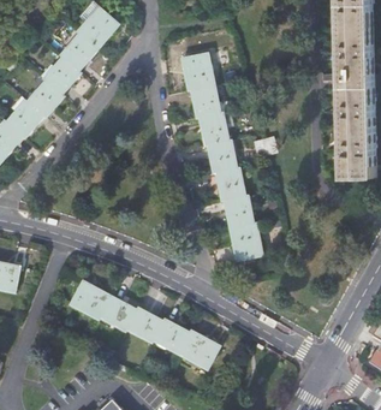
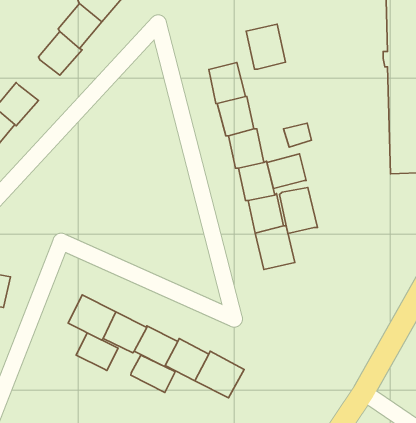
building: [180,50,214,89] -> [246,24,286,69]
building: [28,81,65,118] -> none
building: none -> [267,154,306,189]
building: none -> [279,188,318,234]
building: none -> [76,333,118,371]
building: none -> [131,355,175,393]

